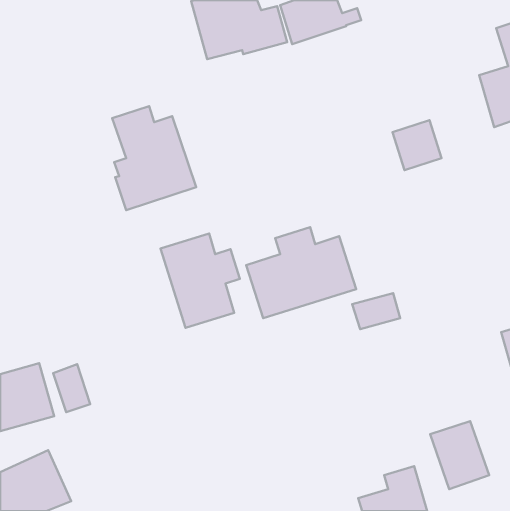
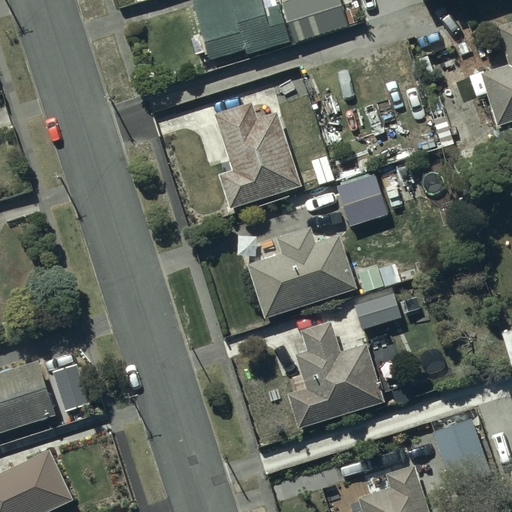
building: [112,106,196,210] -> [215,104,299,208]
building: [393,120,442,170] -> [338,176,387,226]
building: [160,234,240,328] -> none
building: none -> [287,324,382,428]

